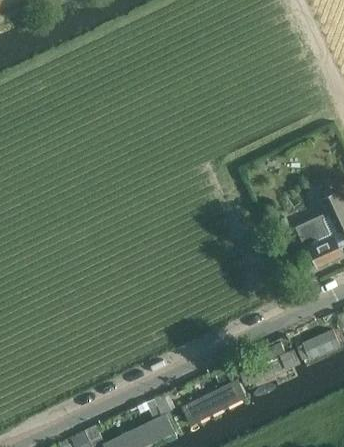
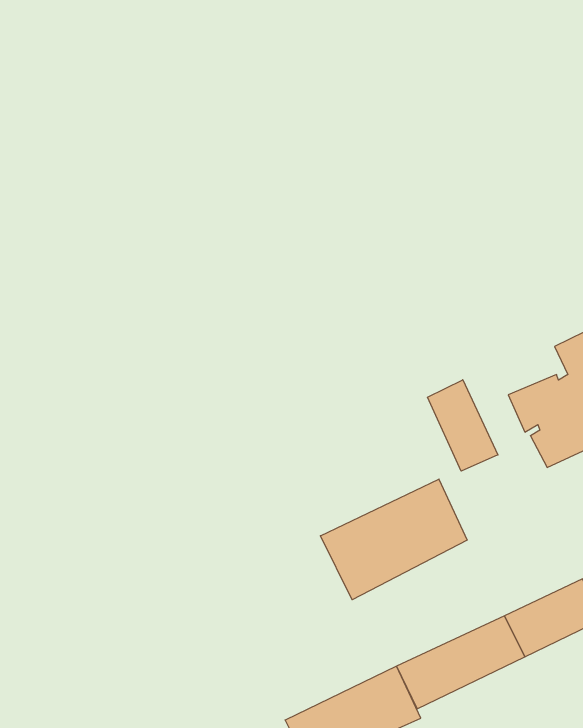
building: none -> [427,380,498,471]
building: none -> [320,479,467,600]

